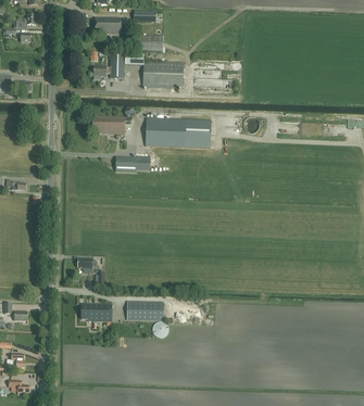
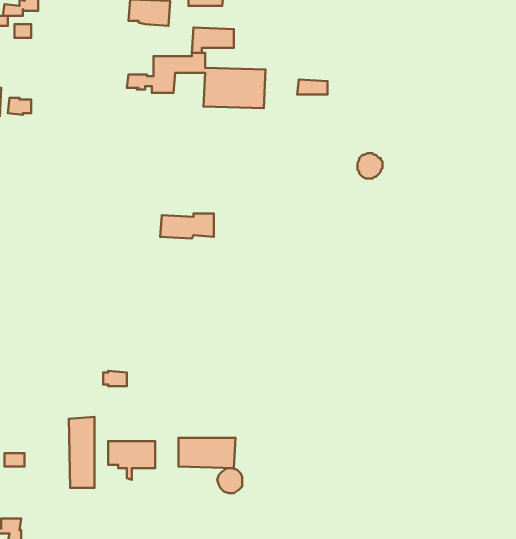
building: [91,115,125,134] -> none
building: [145,117,210,147] -> none
building: none -> [69,417,95,488]

